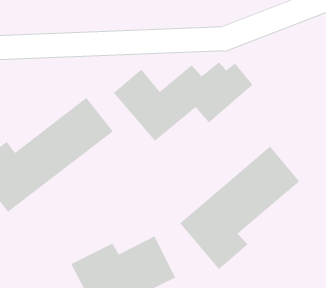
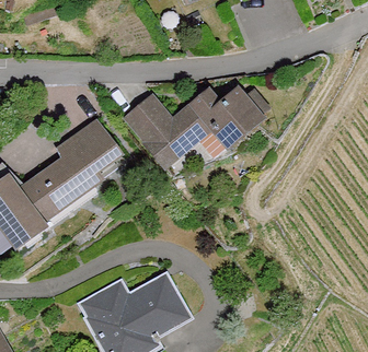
building: [179,146,300,270] -> none

